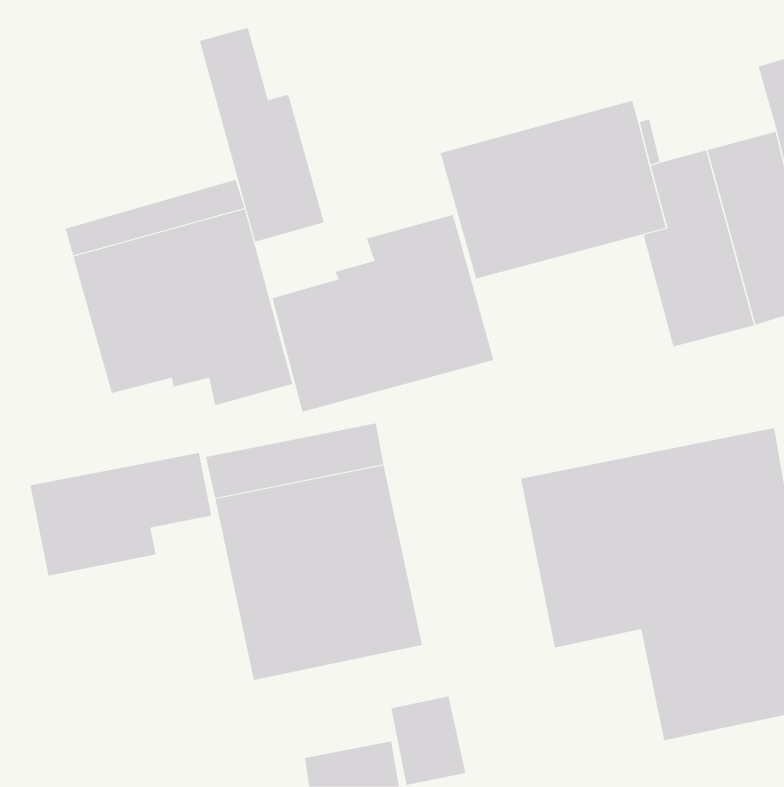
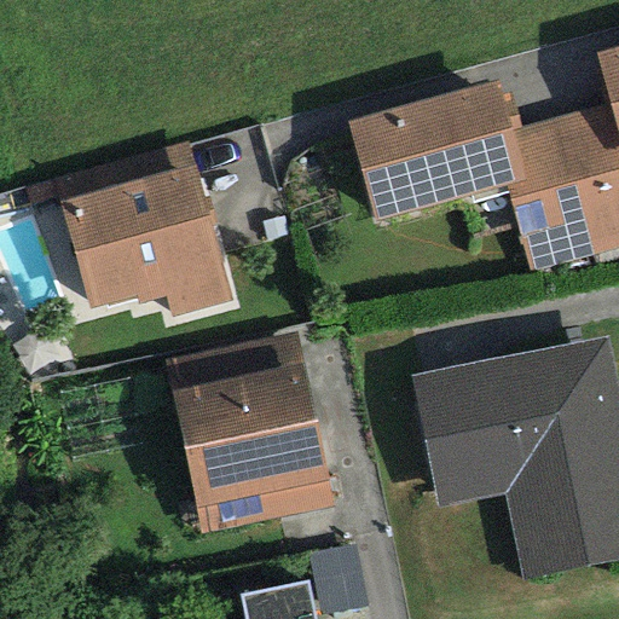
building: [199,27,324,243] -> none
building: [272,214,494,412] -> none
building: [30,452,212,576] -> none

